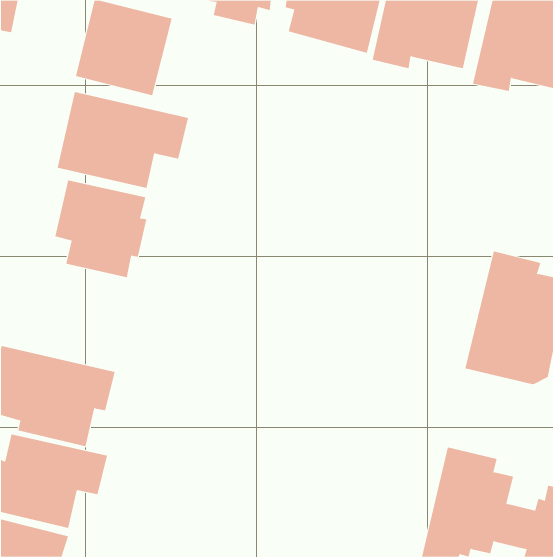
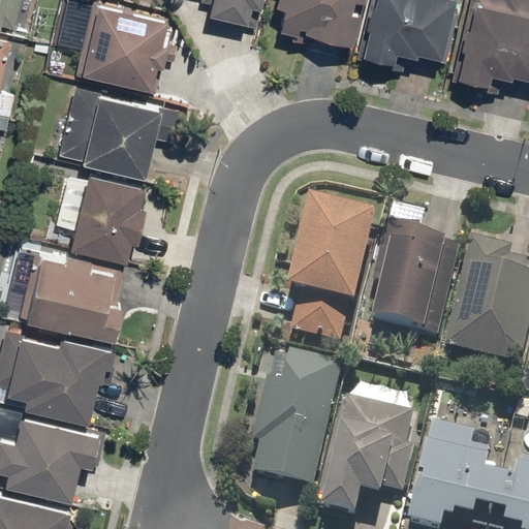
building: none -> [283,205,372,347]
building: none -> [367,224,461,344]
building: none -> [22,246,129,341]
building: none -> [252,349,343,492]
building: none -> [317,399,423,523]

